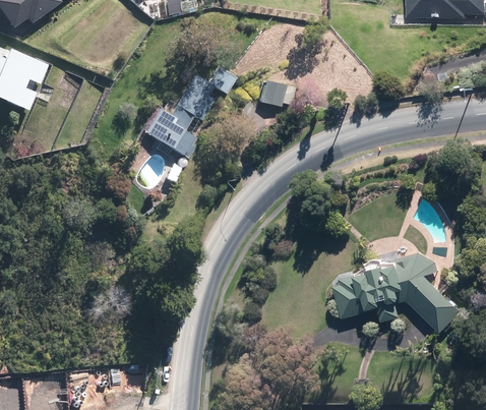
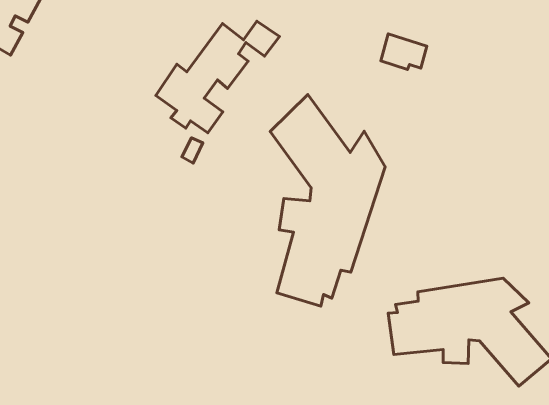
building: [259,80,294,107] -> [381,34,427,70]
building: none -> [270,94,385,306]

